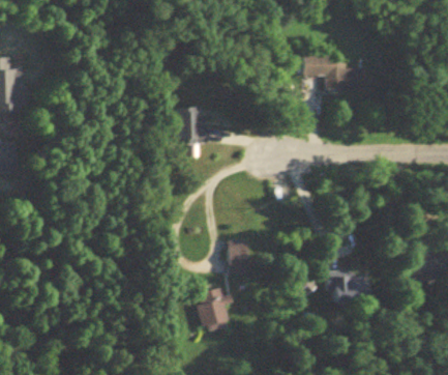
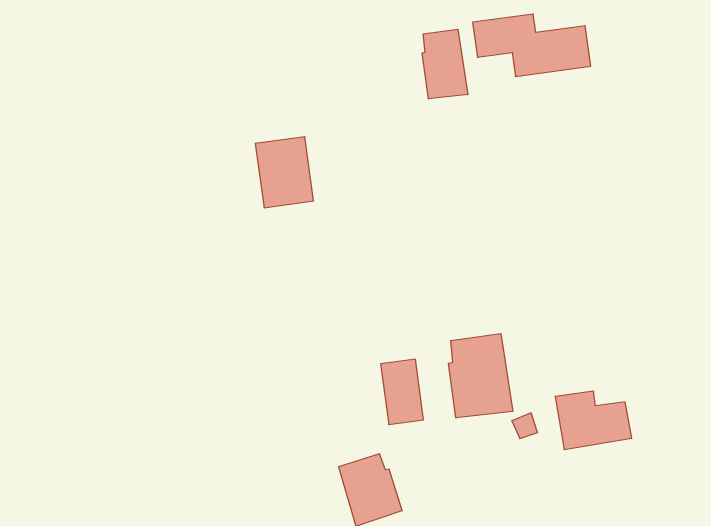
building: none -> [422,29,468,99]
building: none -> [449,334,513,418]

